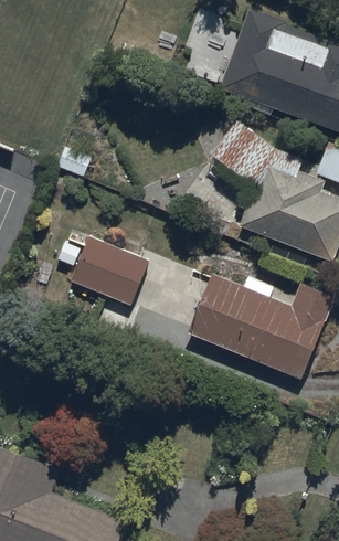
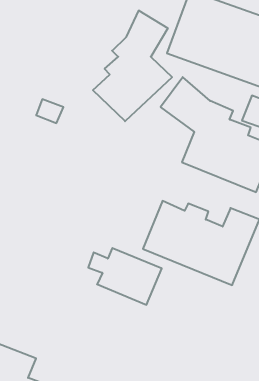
building: none -> [93,10,172,121]
building: [57,236,149,307] -> [88,248,162,305]

